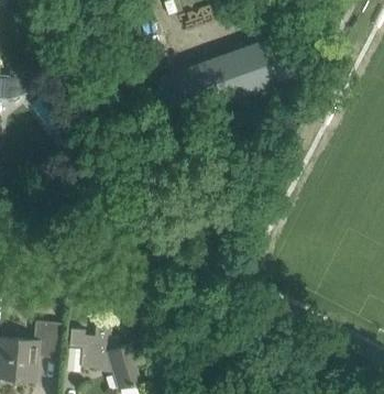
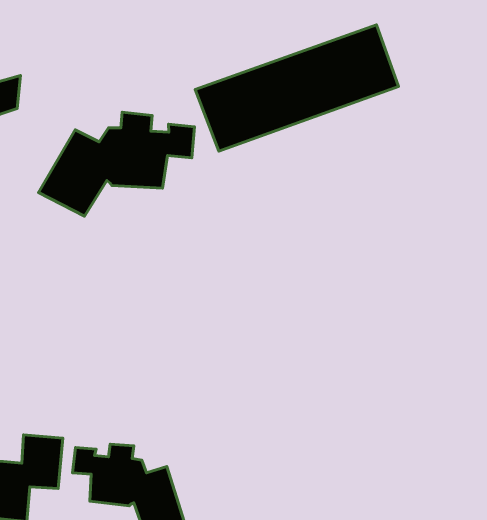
building: none -> [39,112,195,216]

